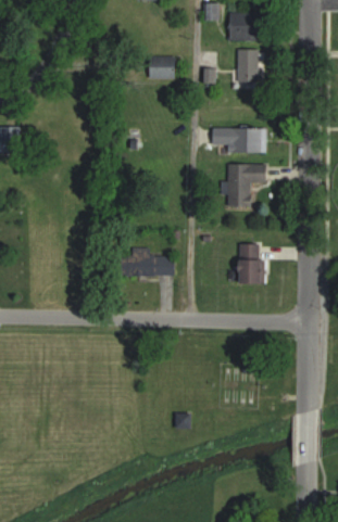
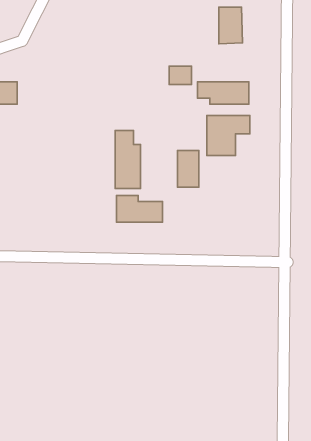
building: [151,58,175,77] -> [169,66,192,84]
building: none -> [115,130,141,189]
building: [239,244,262,283] -> [177,150,199,187]

